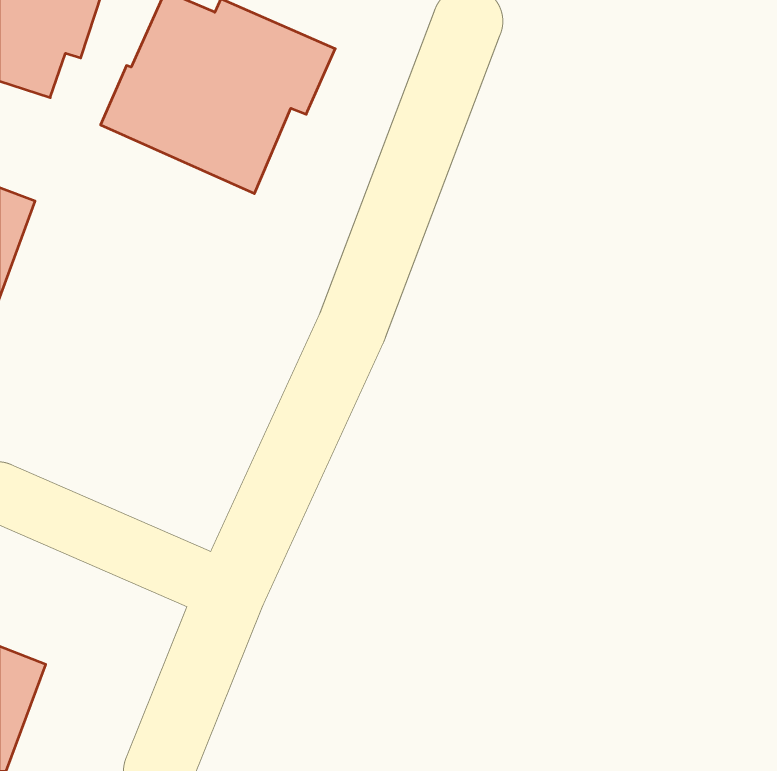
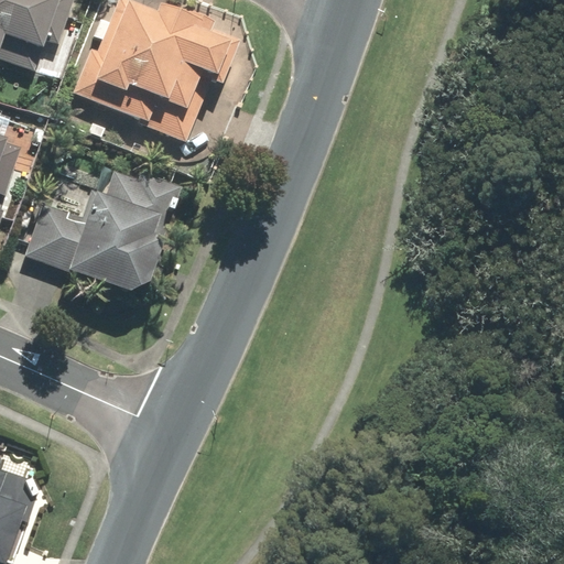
building: none -> [23,170,182,290]

